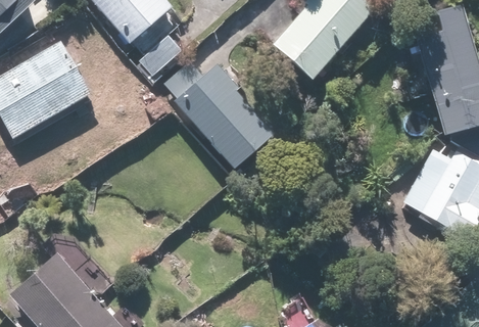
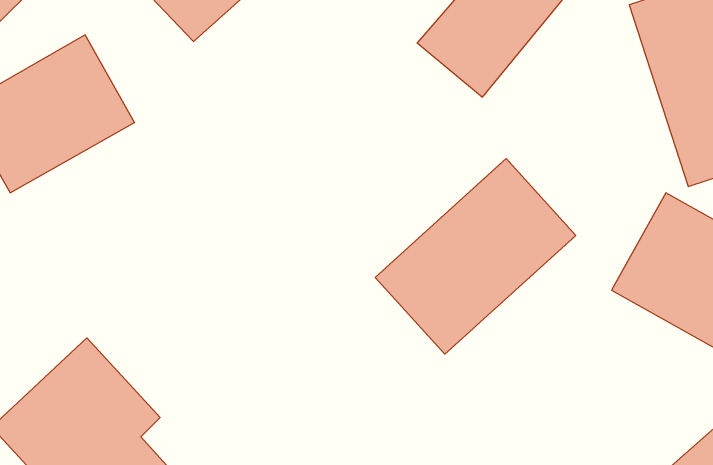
building: [137,36,278,172] -> none
building: none -> [375,159,576,354]

